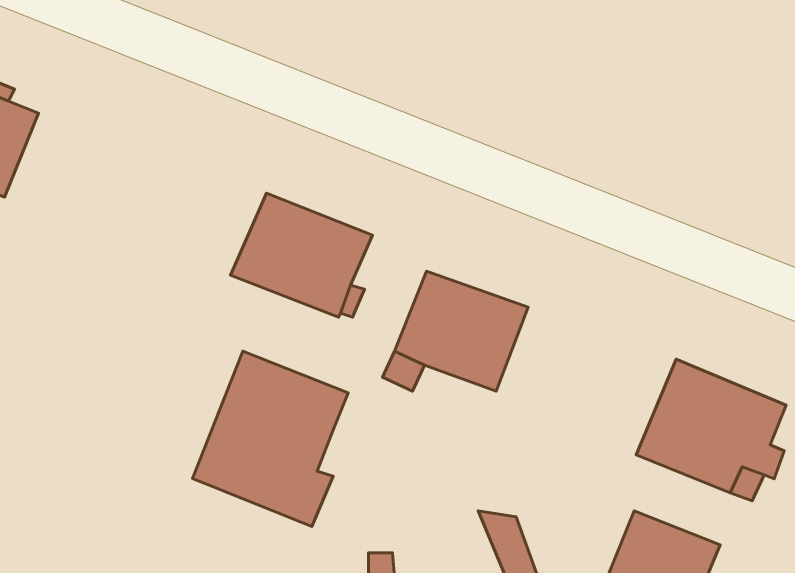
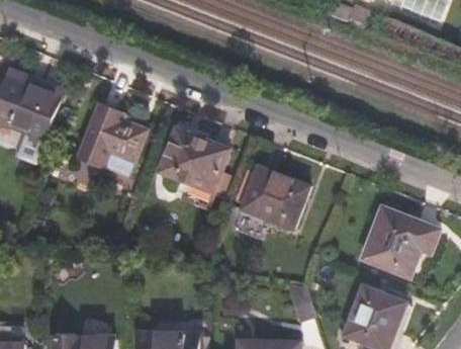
building: none -> [66,99,144,172]
building: [192,351,348,527] -> none

